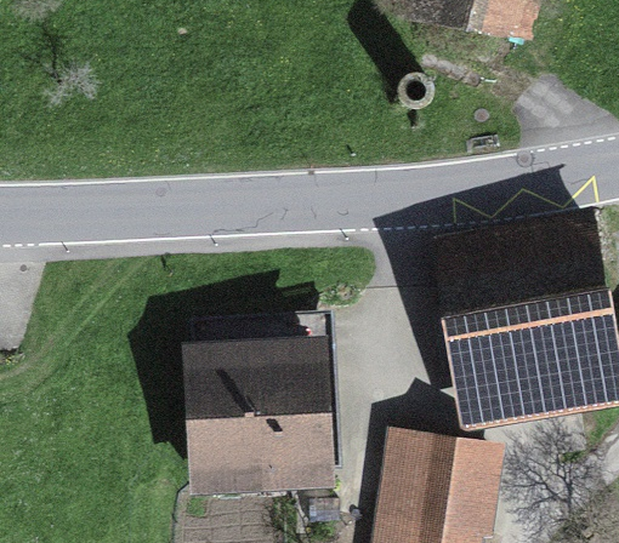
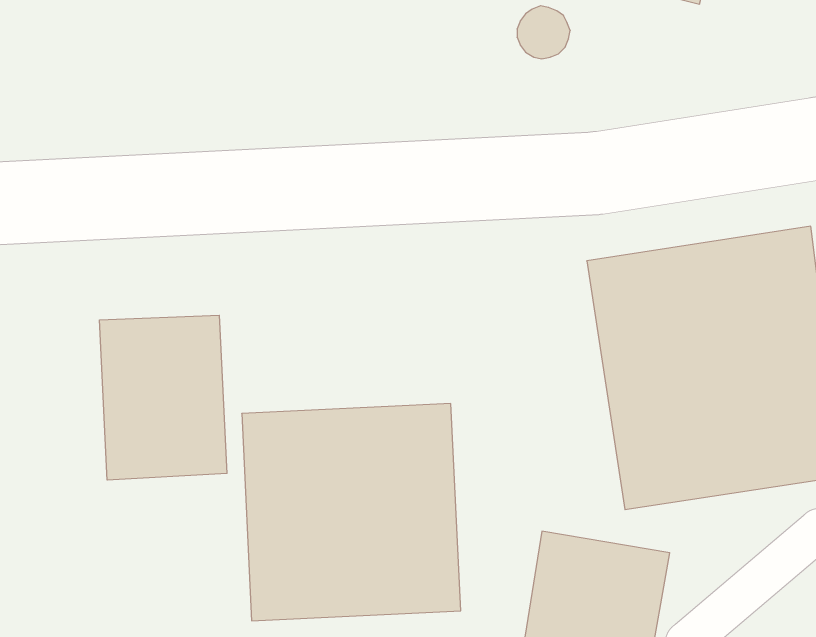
building: none -> [100,315,227,480]

